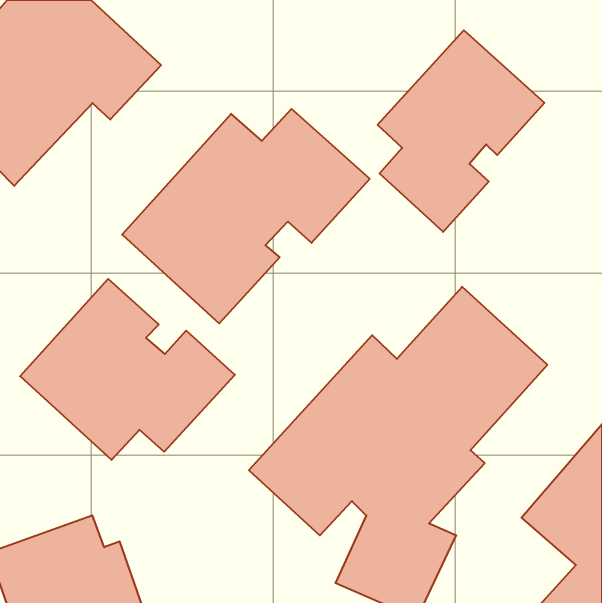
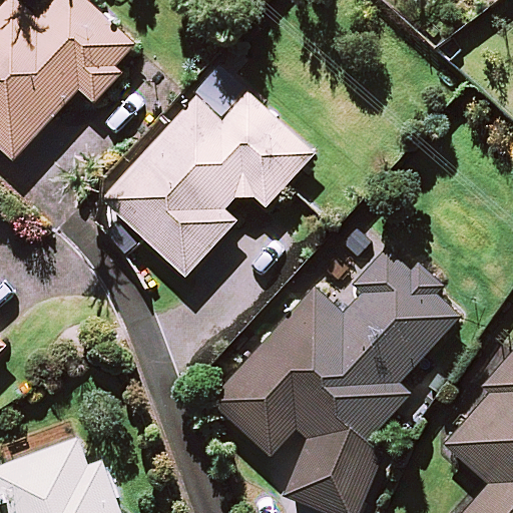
building: [378,30,544,232] -> none
building: [20,279,235,460] -> none

